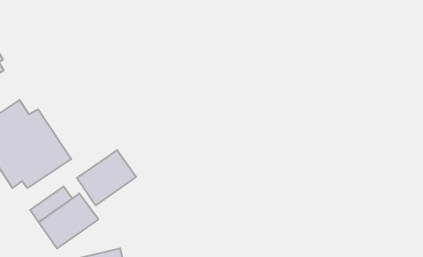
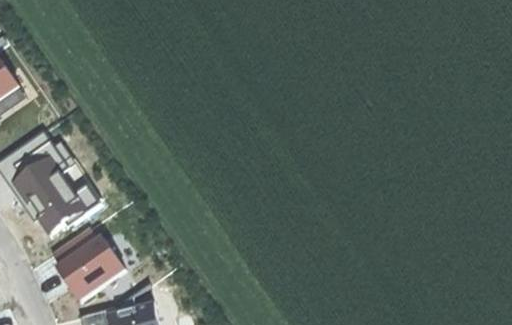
building: [77,150,136,205] -> none

